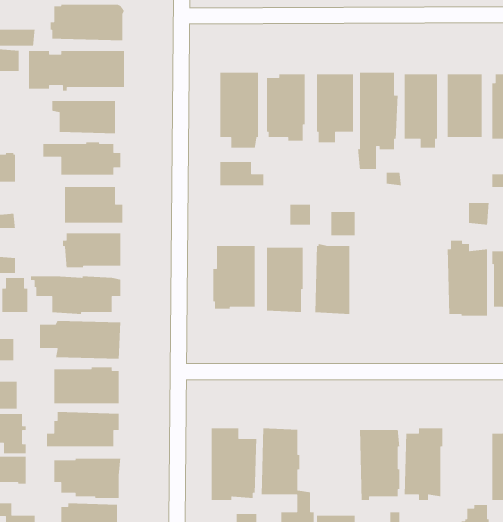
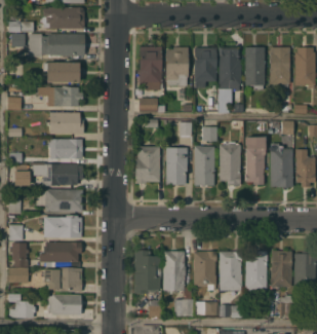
building: none -> [245,137,265,185]
building: none -> [219,142,240,186]
building: none -> [270,251,291,287]
building: none -> [194,252,216,290]

